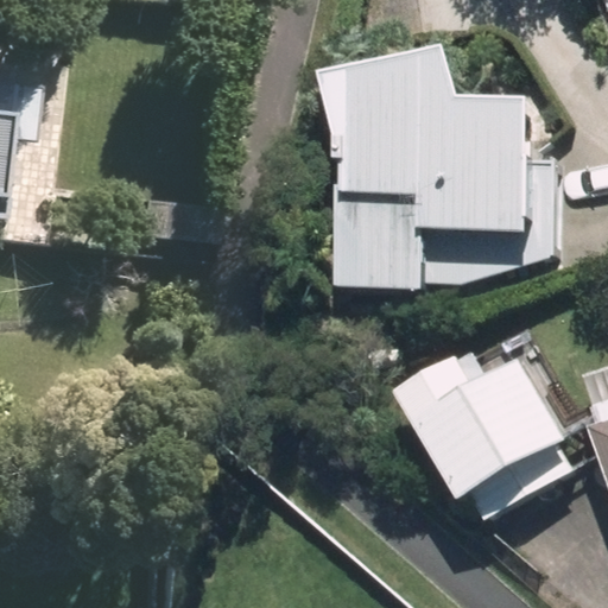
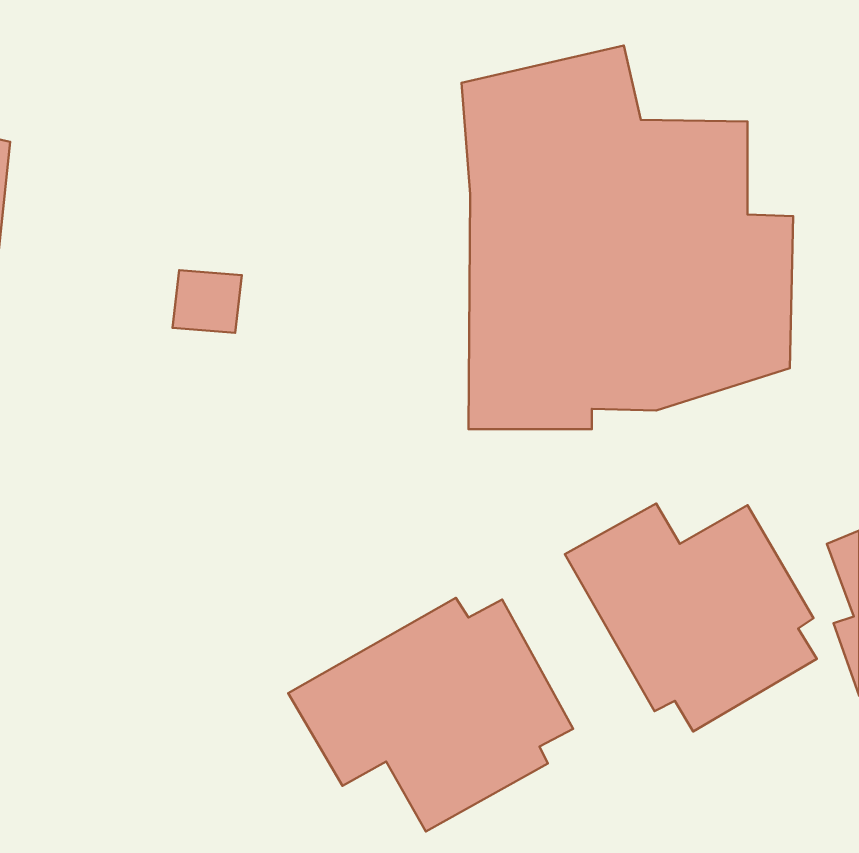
building: none -> [288,598,573,831]

